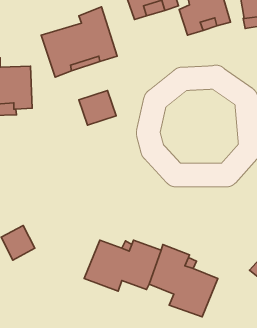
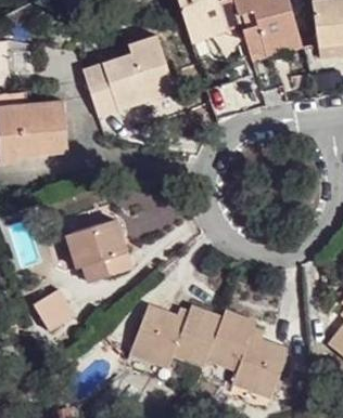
building: [79,90,116,125] -> none
building: none -> [68,219,132,282]

